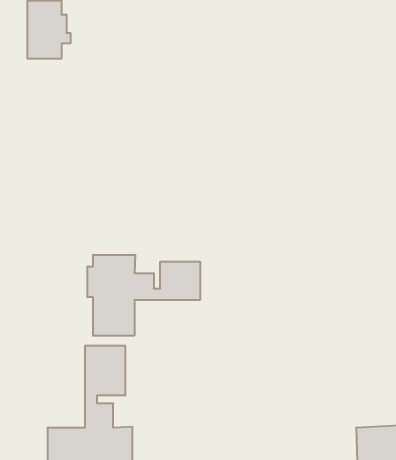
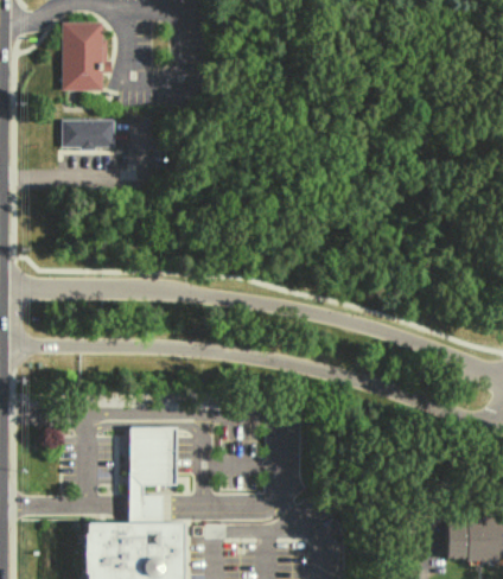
building: none -> [63,120,115,148]
building: [87,255,200,336] -> none

